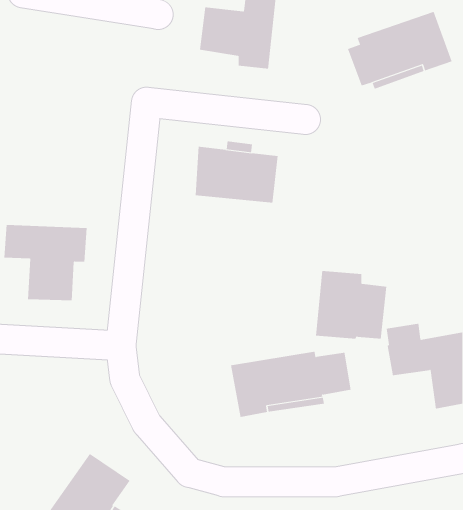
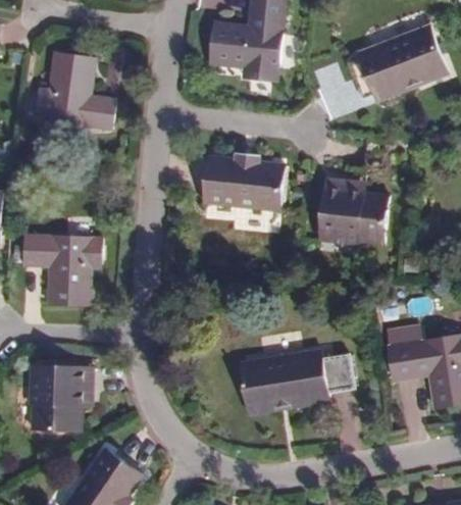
building: none -> [35,52,116,132]
building: [315,271,387,339] -> [319,181,388,246]
building: none -> [28,364,93,430]

